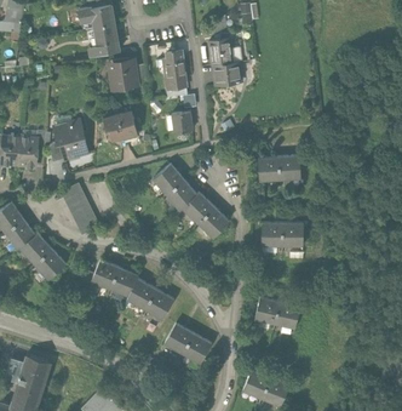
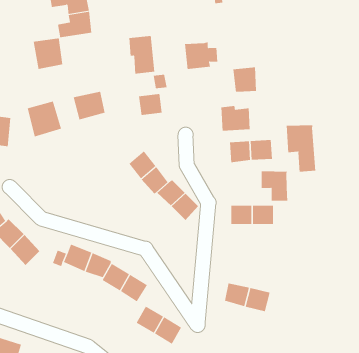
building: [208,36,232,62] -> [233,67,257,92]
building: [108,58,138,90] -> [33,38,63,69]
building: none -> [221,105,250,131]
building: none -> [286,124,316,172]
building: [57,185,97,233] -> none
building: none -> [261,171,288,202]

